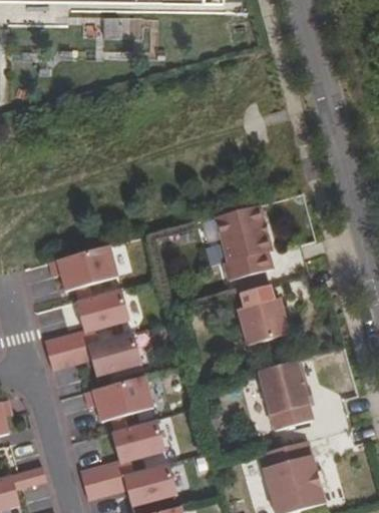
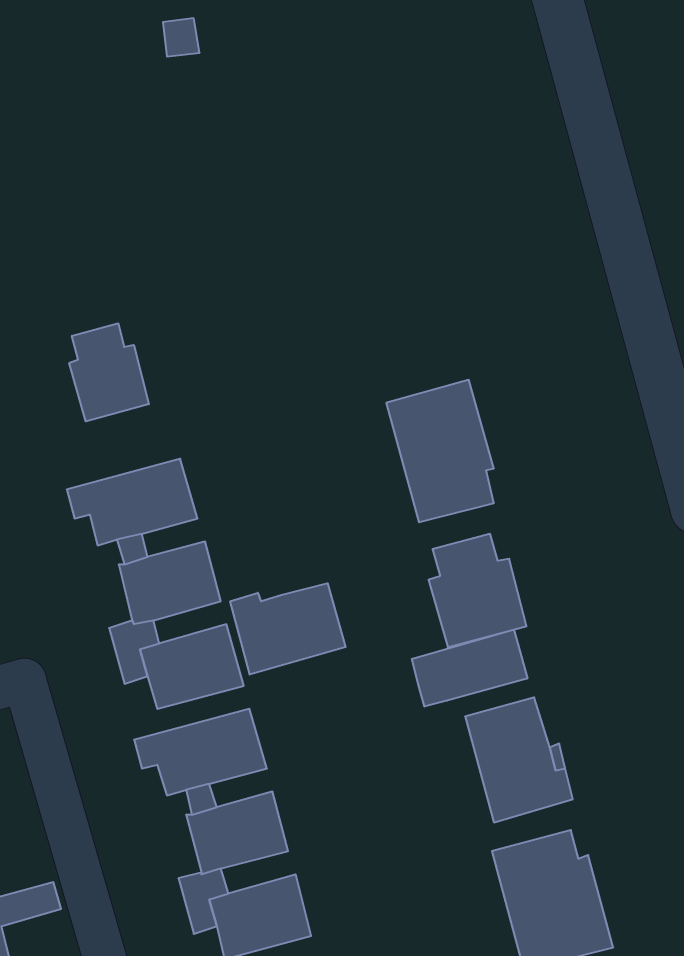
building: none -> [69,323,149,421]
building: none -> [230,583,346,675]
building: [44,334,79,370] -> none
building: none -> [412,630,527,707]
building: [80,464,115,500] -> none

